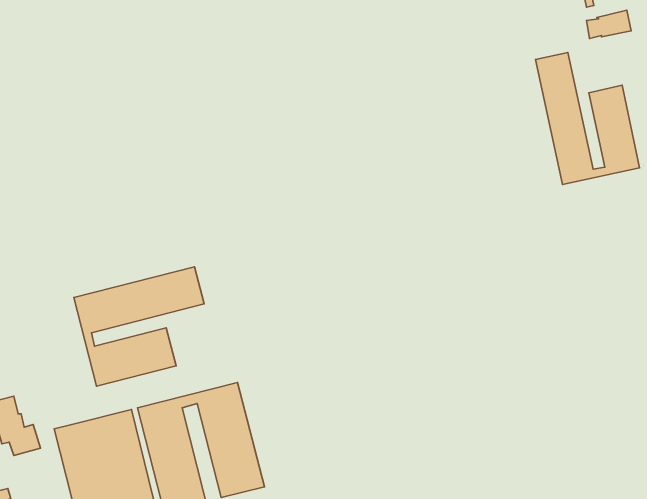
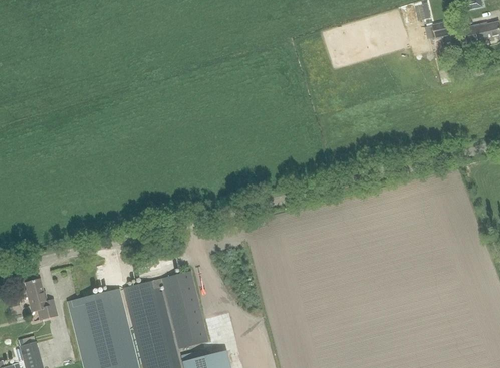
building: [536,52,640,185] -> none
building: [74,267,204,386] -> none

